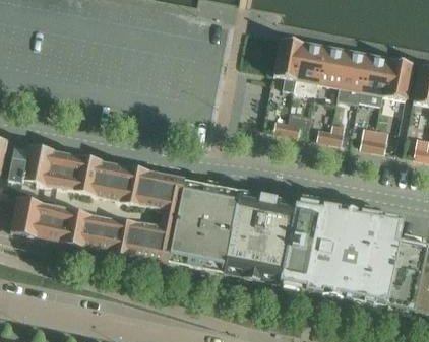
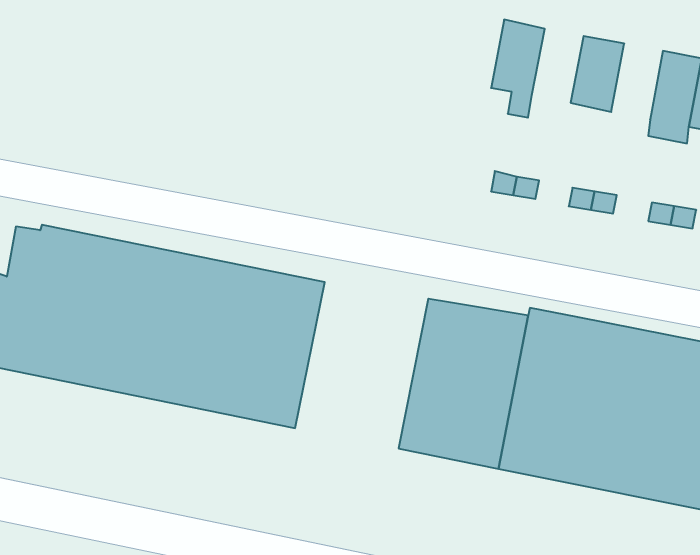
building: [295,43,325,95] -> none
building: [339,51,369,104] -> none
building: [167,180,240,273] -> none

